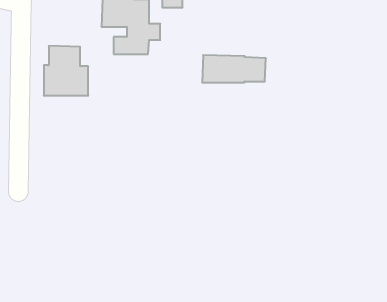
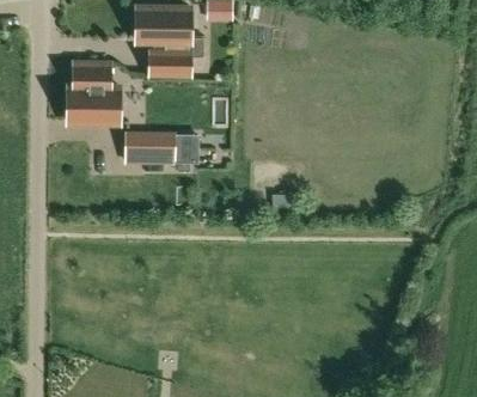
building: [202,55,266,82] -> [123,132,198,164]

